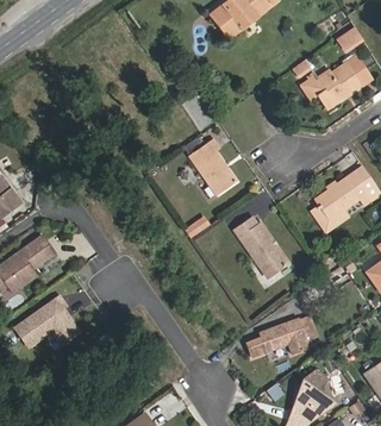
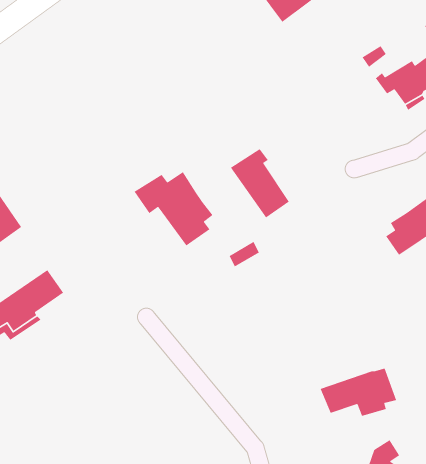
building: none -> [134,171,214,246]
building: [235,220,289,280] -> none
building: [14,297,81,349] -> none

